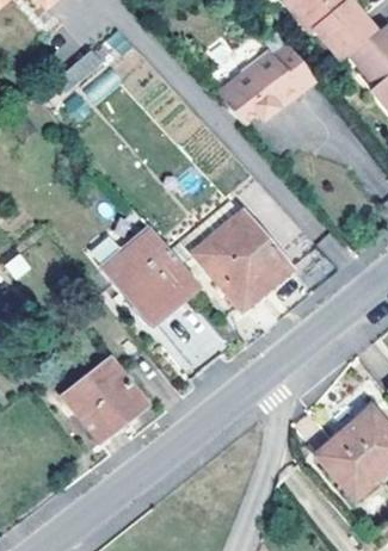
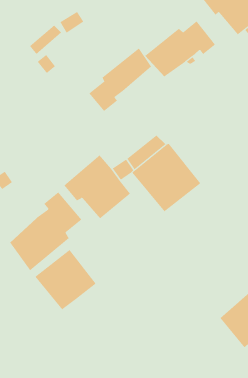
building: none -> [89,47,152,112]
building: none -> [9,191,82,271]

